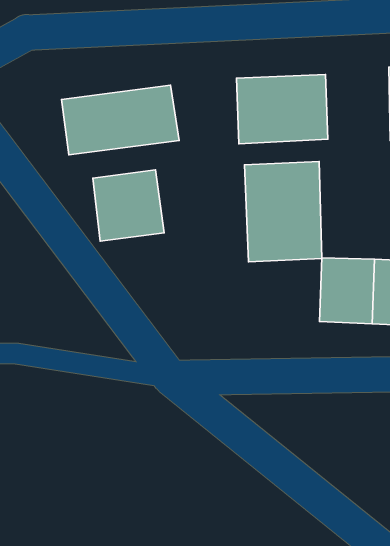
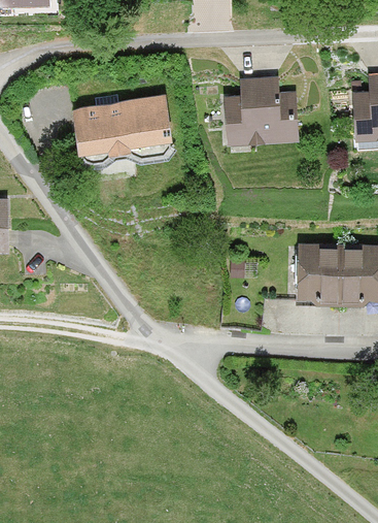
building: [244,161,322,262] -> none
building: [93,170,164,241] -> none

